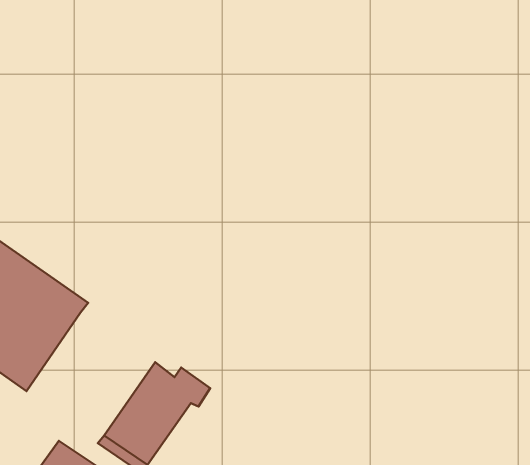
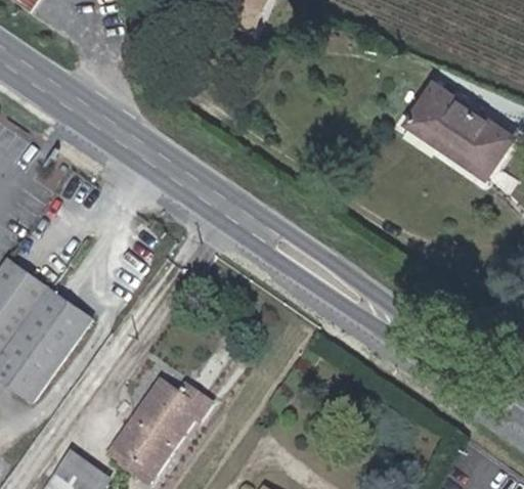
building: none -> [403,84,508,169]

